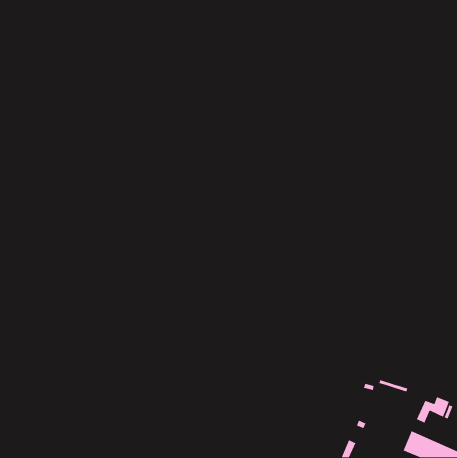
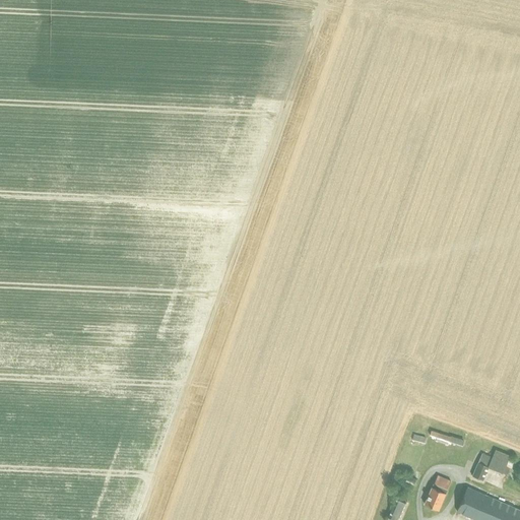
building: none -> [425,475,451,510]

